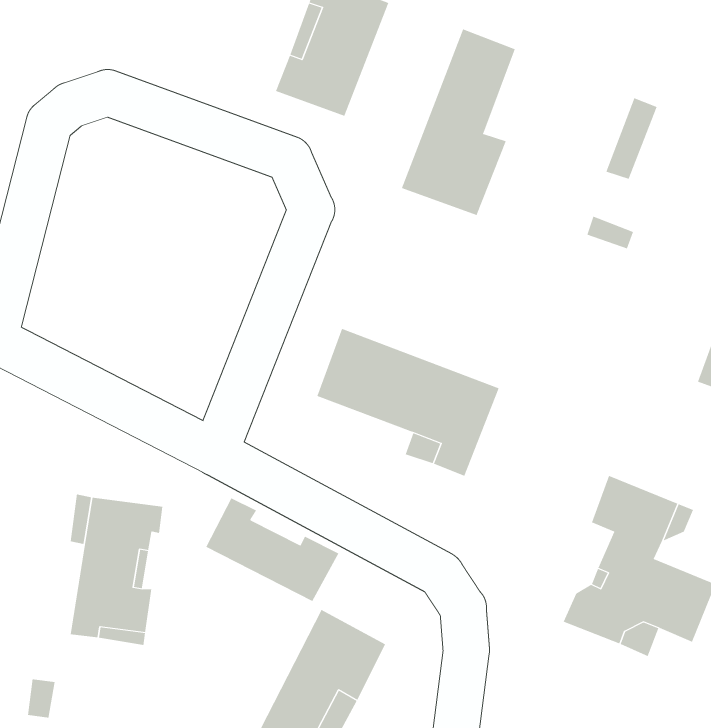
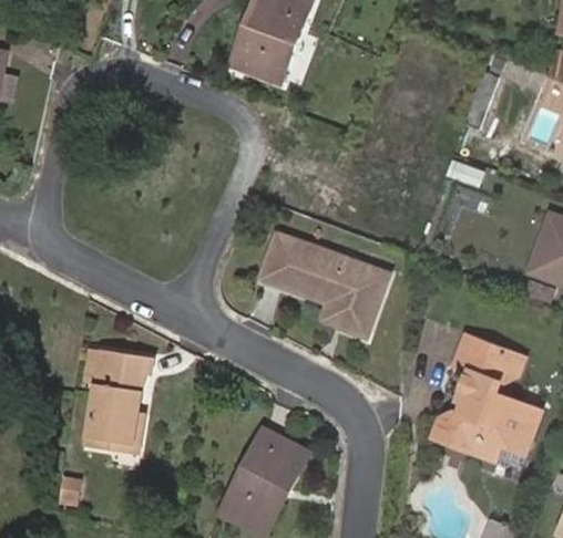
building: [401,29,516,216] -> none
building: [205,497,339,602] -> none

